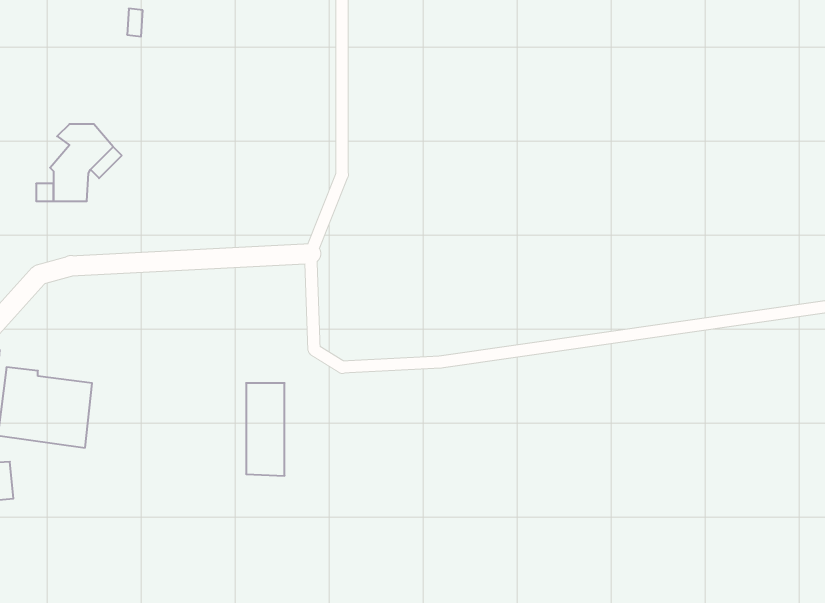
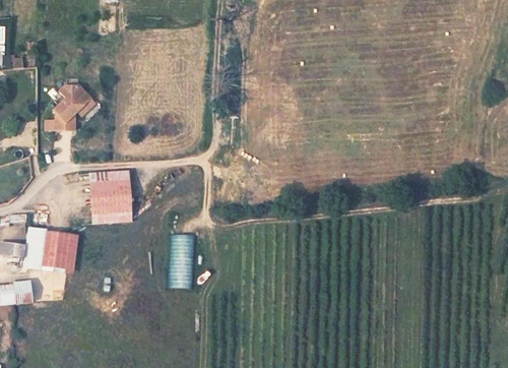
building: none -> [88,170,134,222]

